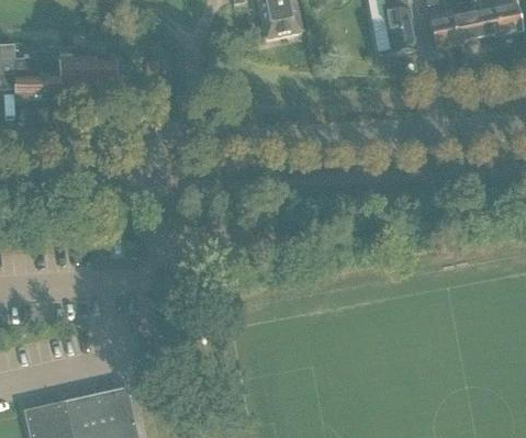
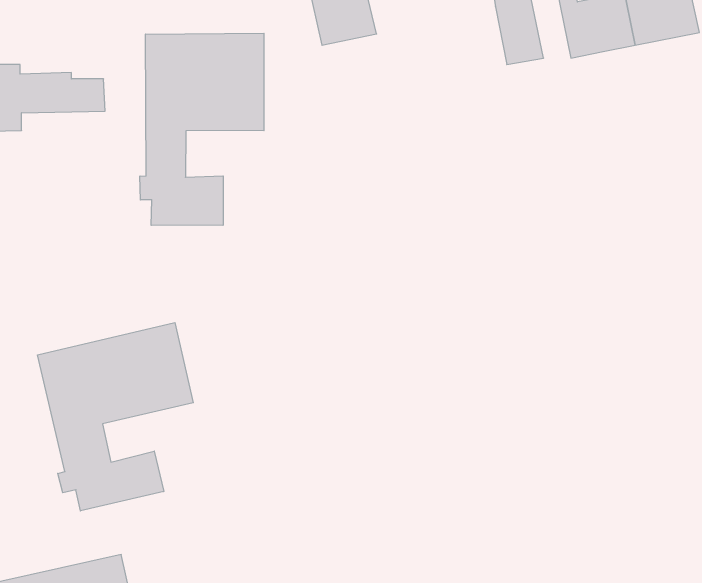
building: none -> [140,33,264,225]
building: none -> [38,323,193,511]

